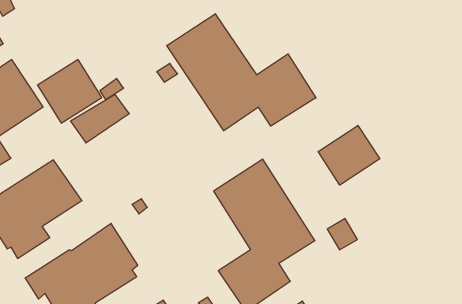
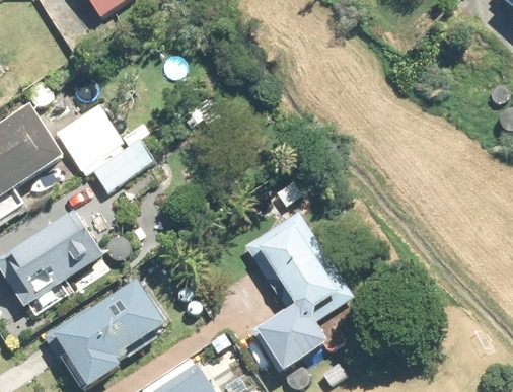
building: [167,14,316,131] -> none
building: [318,125,380,185] -> none

